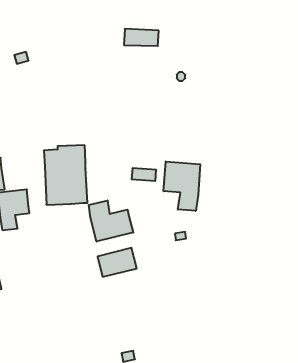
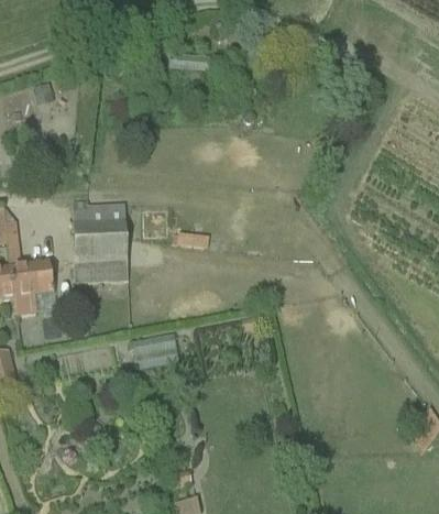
building: [164,161,200,211] -> none
building: [89,200,133,242] -> none

